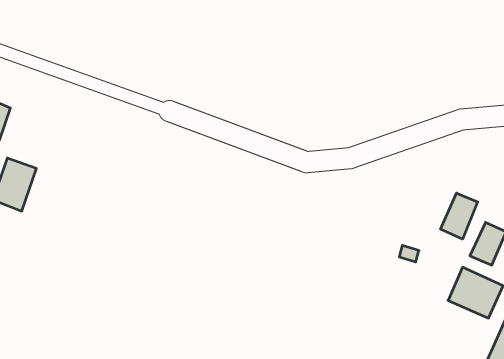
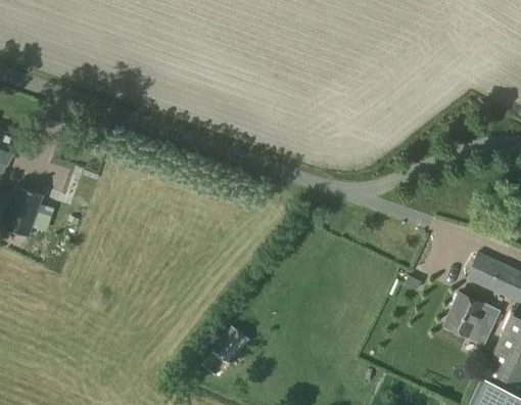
building: [441,193,478,239] -> none
building: none -> [215,329,246,363]

